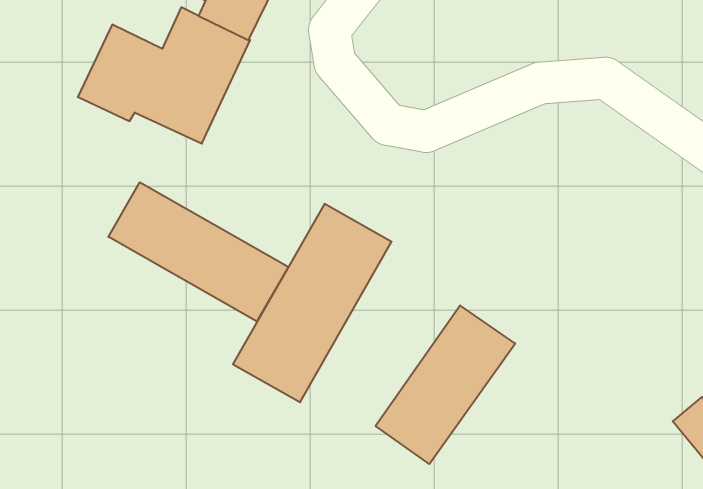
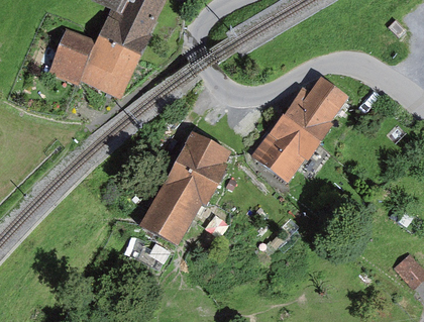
building: [108,182,288,321] -> none
building: [376,305,515,464] -> [260,81,342,174]

